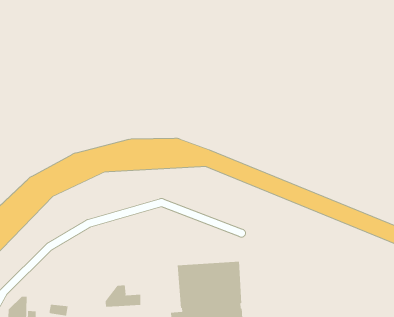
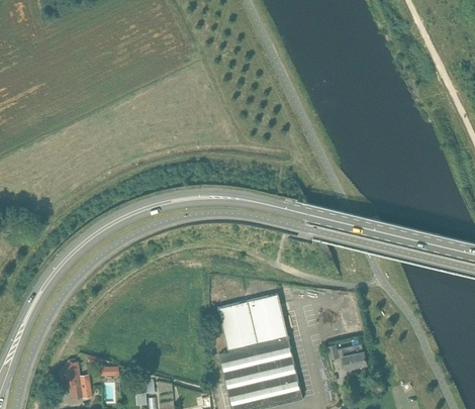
building: [105,285,141,308] -> none

